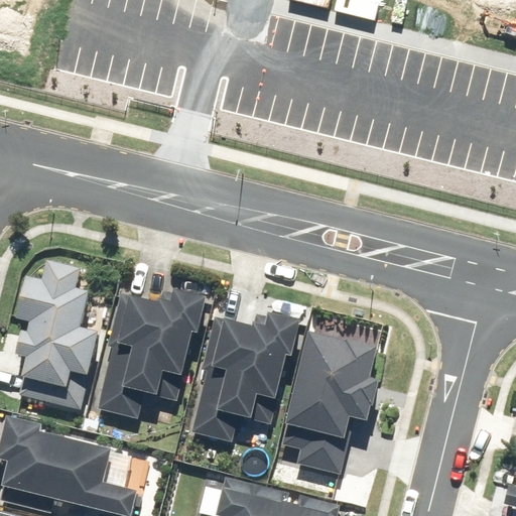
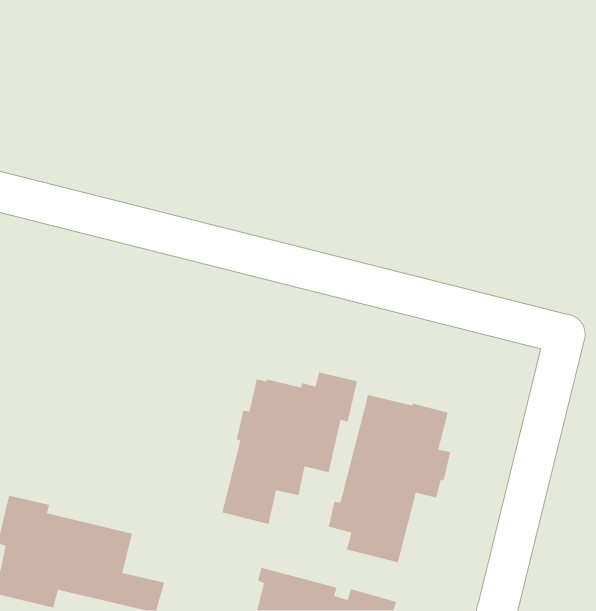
building: [14,260,99,408] -> none
building: [92,289,207,418] -> none

